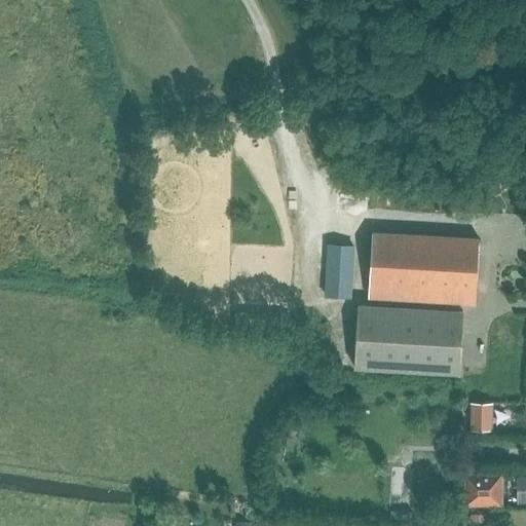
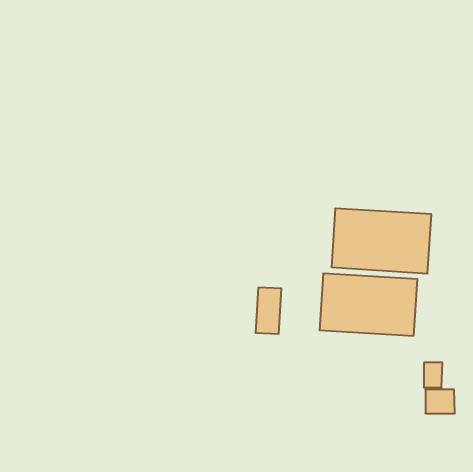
building: [326,246,354,297] -> [256,288,281,334]
building: [467,477,500,503] -> [425,389,455,413]

